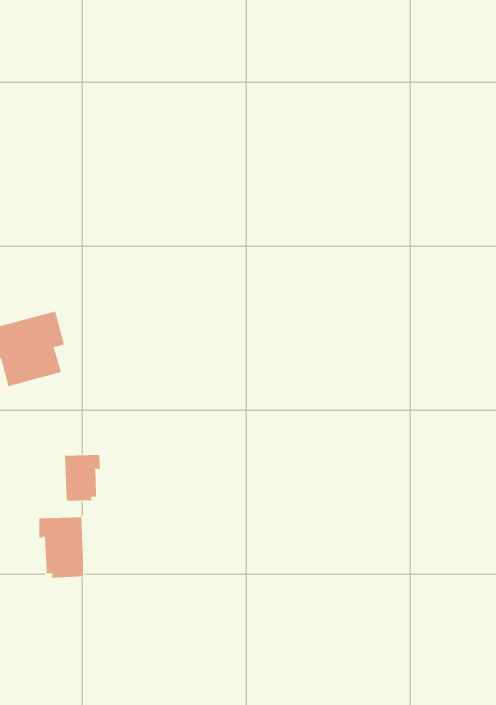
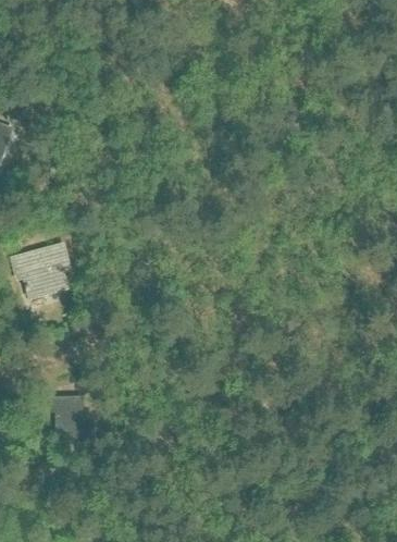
building: [65,454,100,501] -> none

